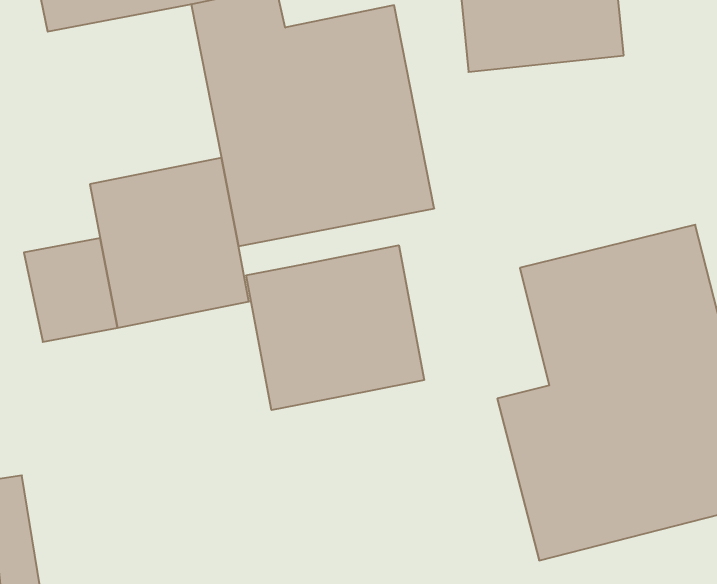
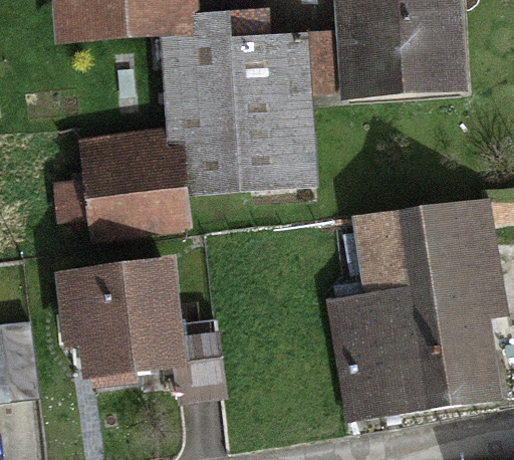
building: [246,245,424,410] -> none
building: none -> [59,273,178,378]

